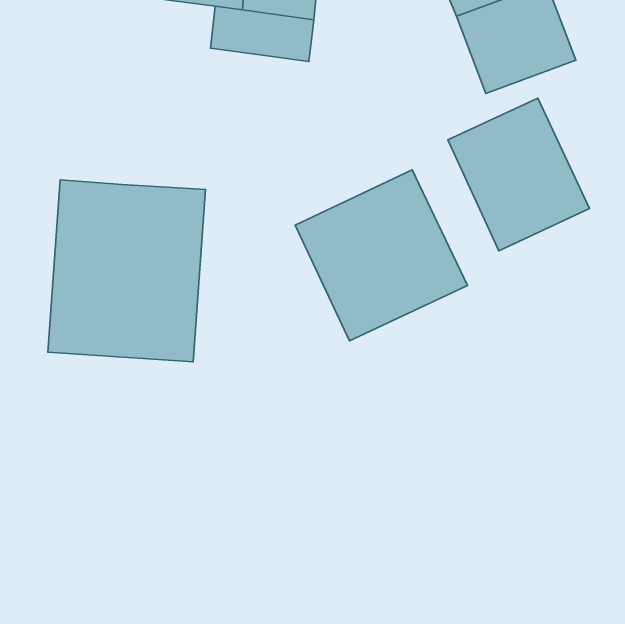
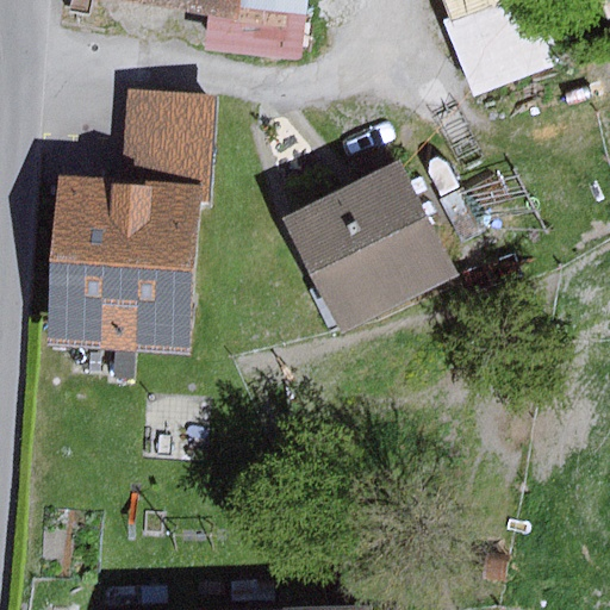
building: none -> [118,86,214,185]
building: [448,98,589,251] -> none

